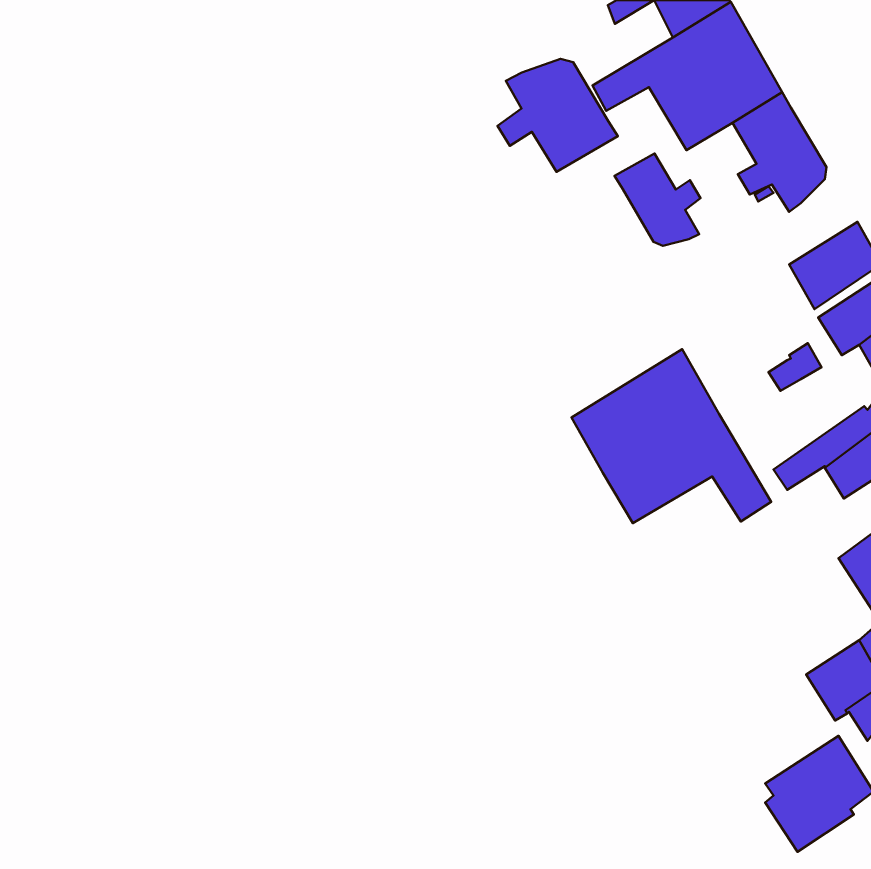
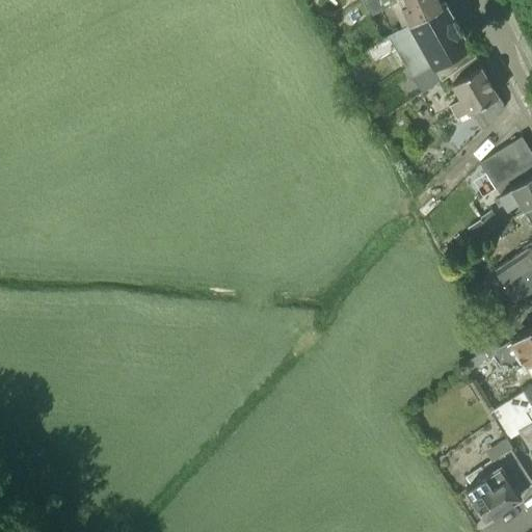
building: [498,59,618,172] -> none
building: [615,154,701,246] -> none
building: [572,349,771,523] -> none

